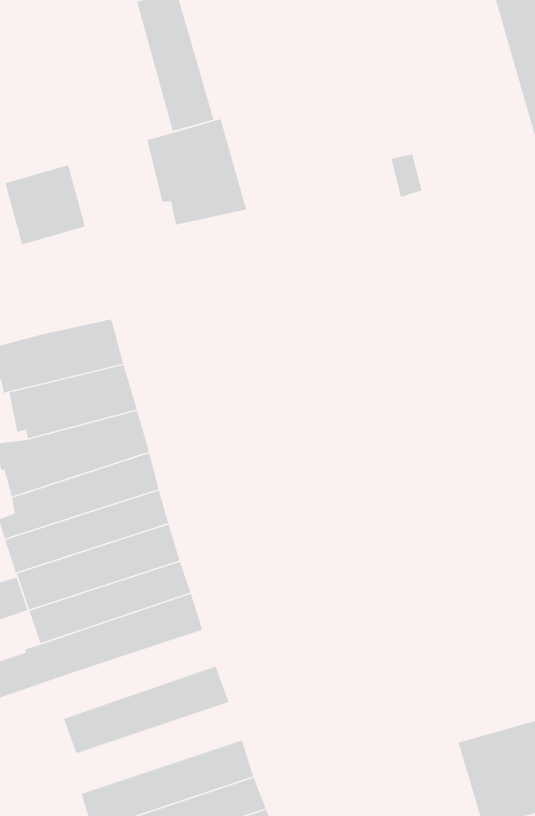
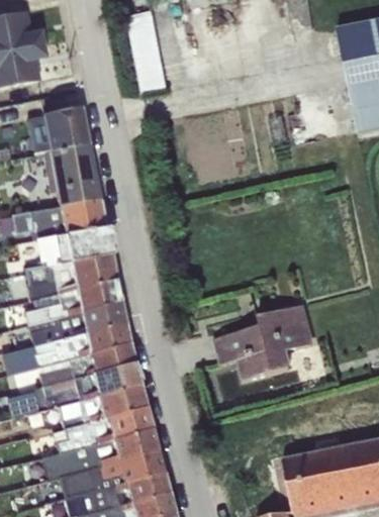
building: [147,118,247,226] -> [43,144,99,205]
building: none -> [215,305,313,379]
building: none -> [58,385,145,427]
building: none -> [40,428,157,479]

